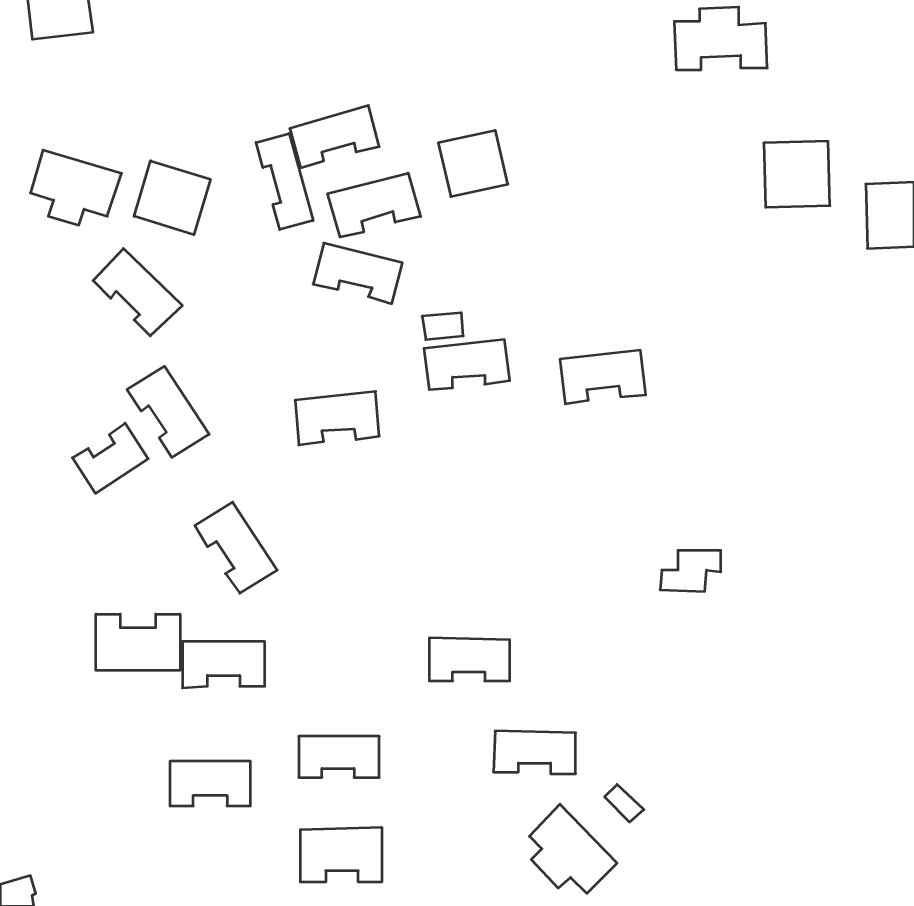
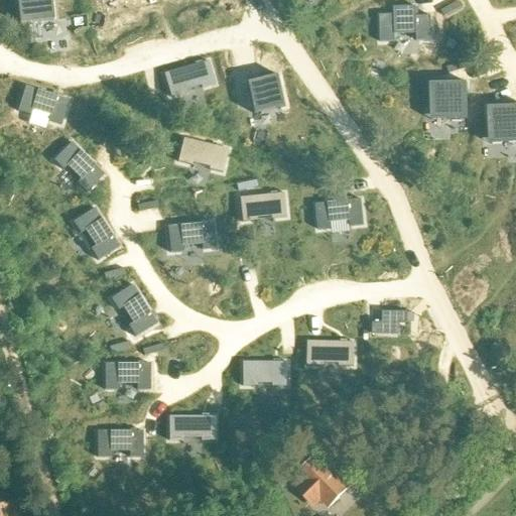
building: [256,133,313,230] -> none
building: [134,161,210,235] -> none
building: [328,173,421,237] -> none
building: [72,423,148,493] -> none
building: [96,614,180,670] -> none
building: [493,731,576,774] -> [307,340,354,364]
building: [300,827,382,882] -> none

